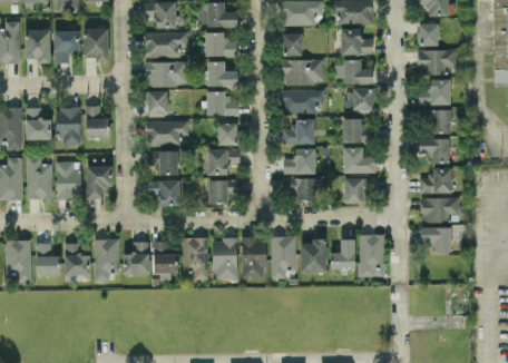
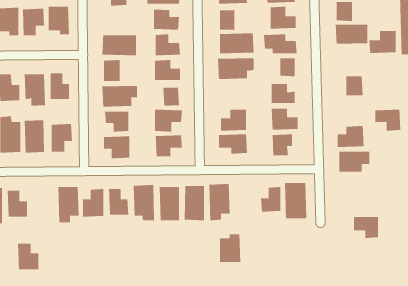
building: [146,31,187,57] -> none
building: [418,78,450,105] -> [369,30,396,53]
building: [283,118,314,144] -> none
building: [419,137,450,163] -> [374,109,401,131]
building: [421,226,451,252] -> [353,217,379,238]
building: [301,238,326,272] -> [219,234,241,263]
building: [65,243,90,274] -> [17,243,39,270]

